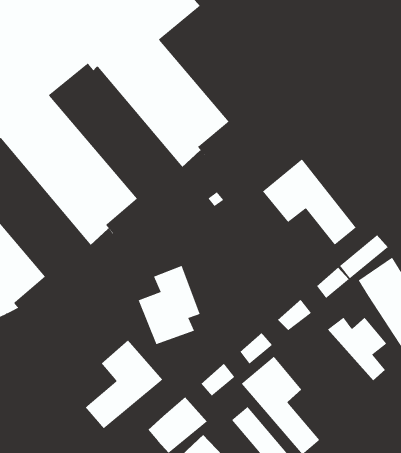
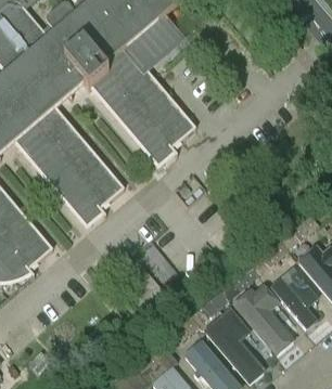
building: [262,159,356,246] -> none
building: none -> [233,287,294,355]
building: [85,339,163,429] -> none

